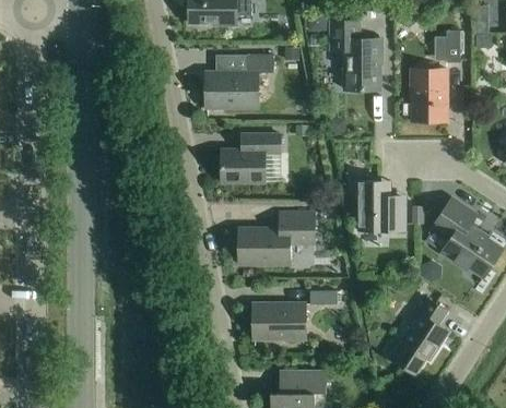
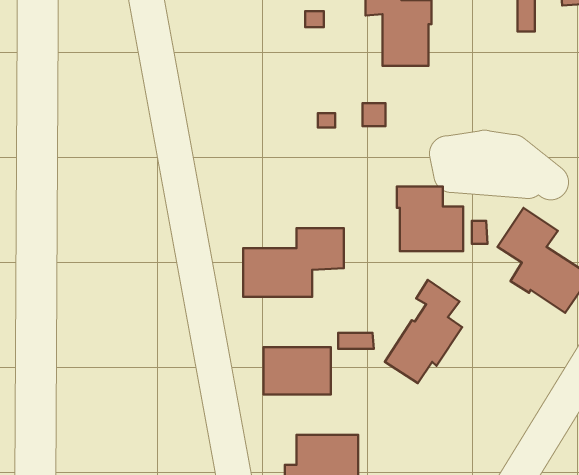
building: [205,55,273,108] -> none
building: [411,70,447,121] -> none
building: [221,134,280,183] -> none
building: [390,296,449,374] -> [385,280,462,383]

